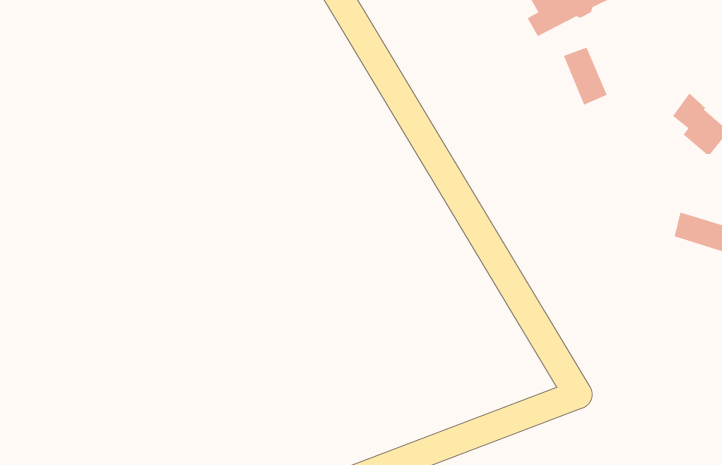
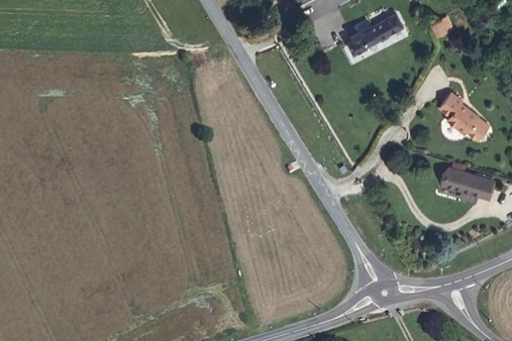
building: [563,47,608,105] -> none

